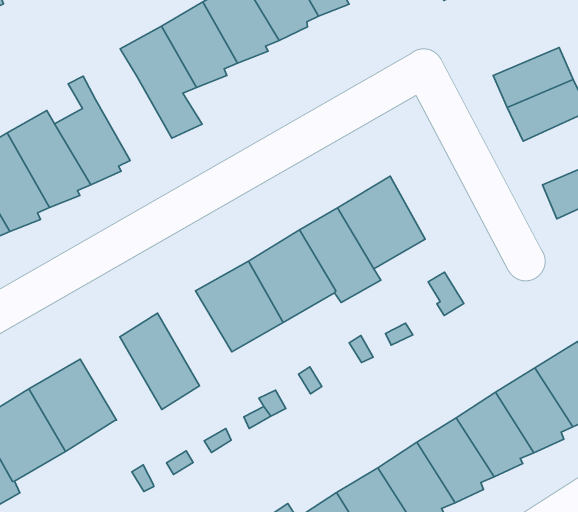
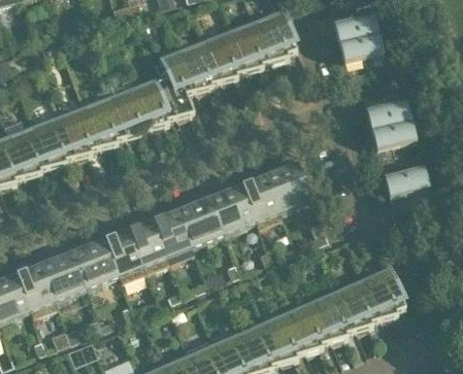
building: none -> [135,78,175,126]
building: none -> [152,206,194,261]
building: none -> [103,226,145,280]

